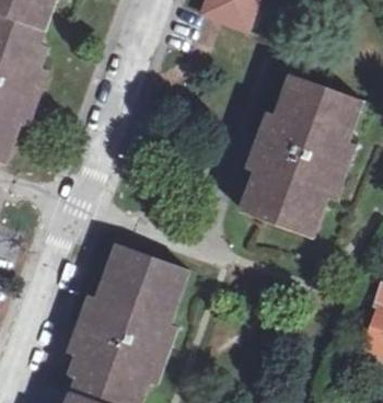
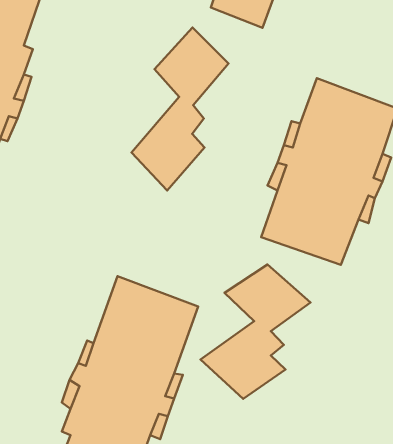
building: none -> [132,27,228,190]
building: none -> [201,265,311,399]

